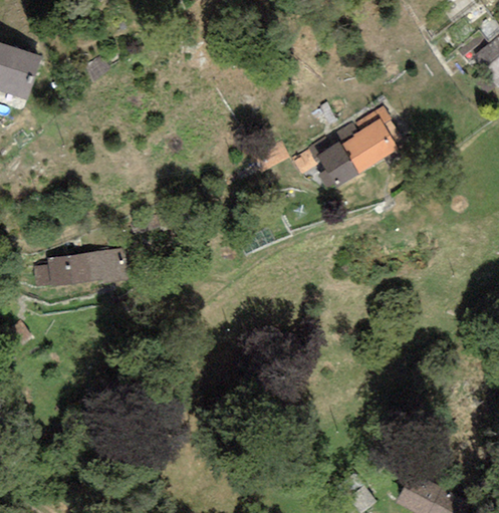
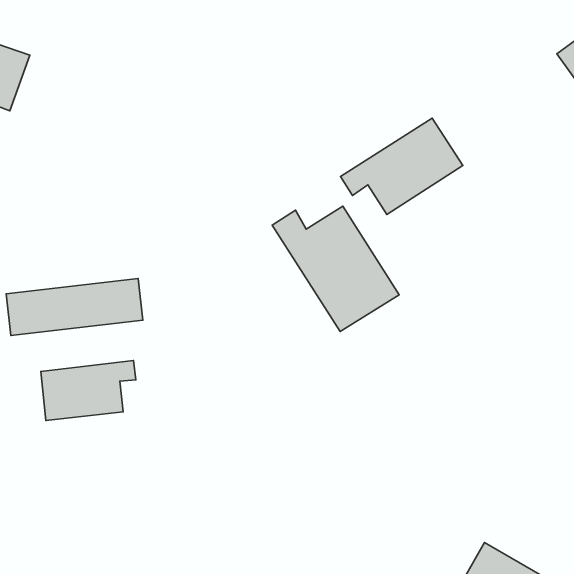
building: none -> [272,206,399,332]
building: none -> [41,361,136,421]

